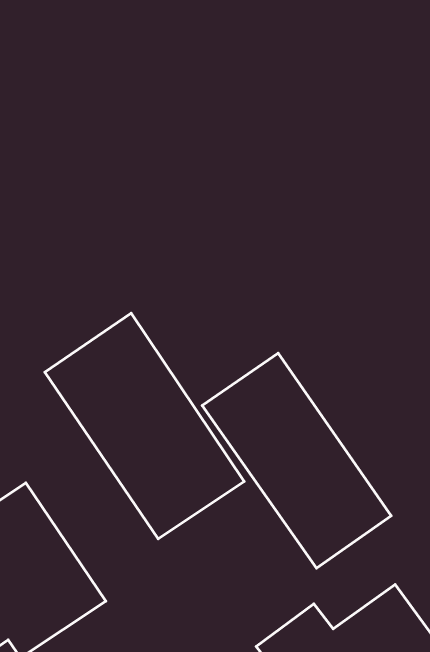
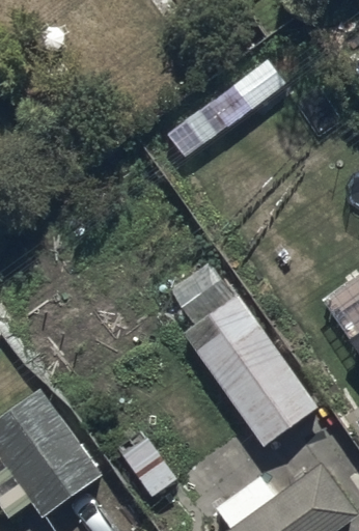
building: [45,313,244,539] -> none

